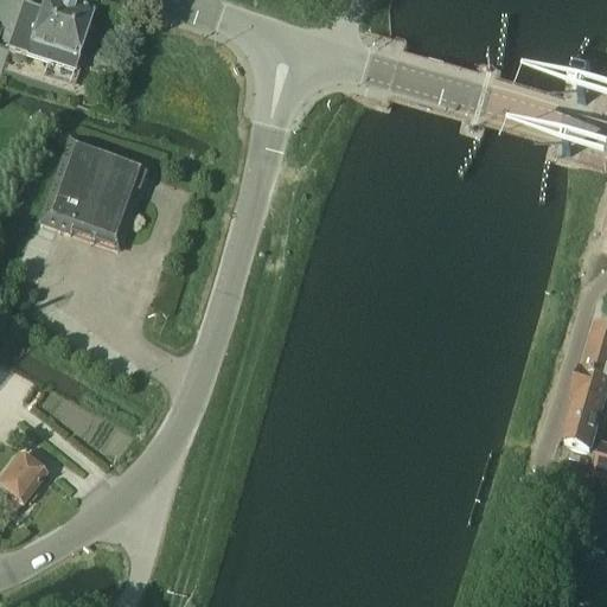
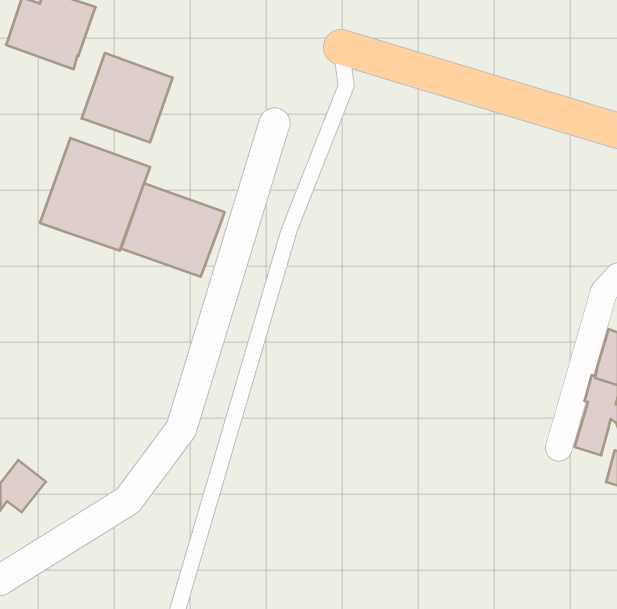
building: none -> [82,53,173,142]
building: none -> [121,183,224,277]

